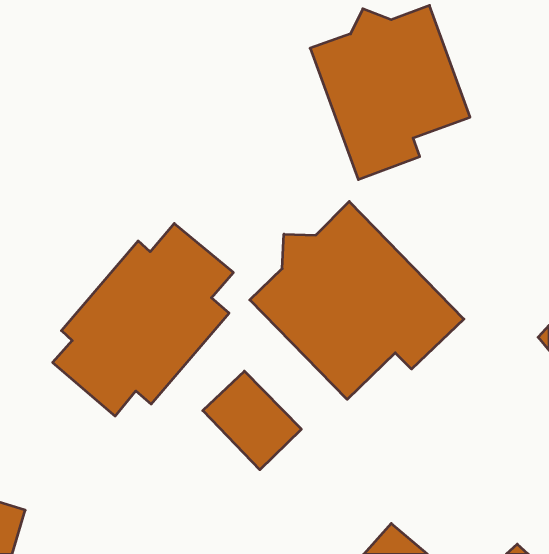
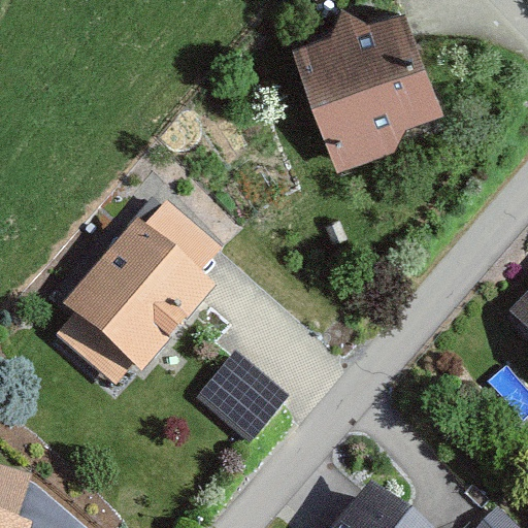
building: [250,201,464,399] -> none

